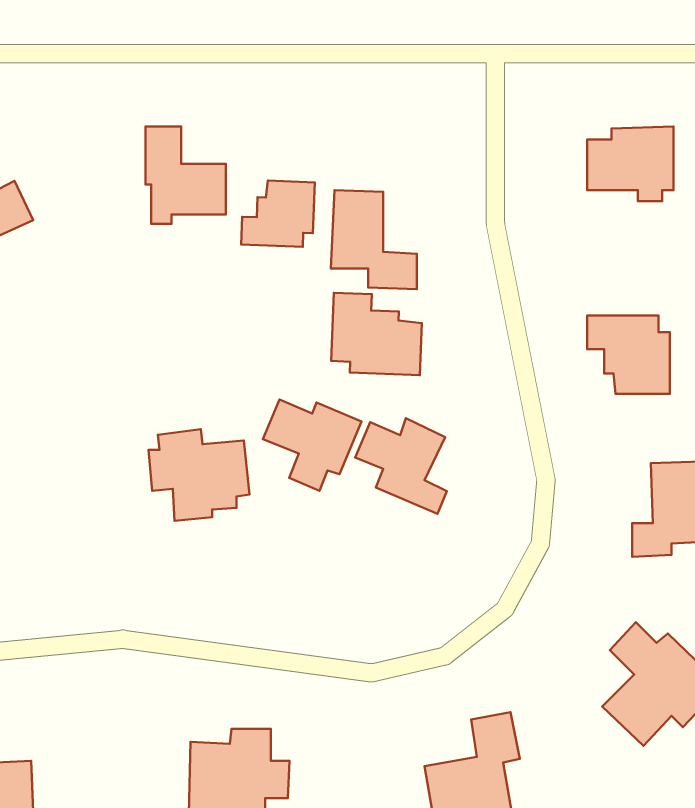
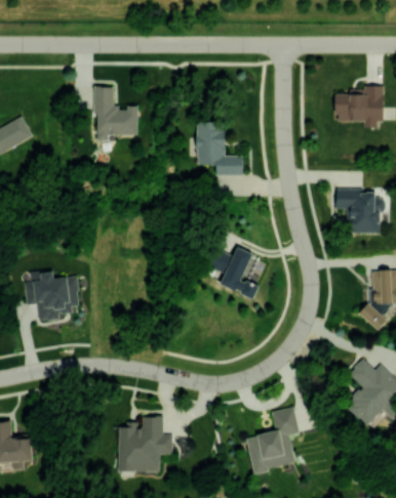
building: [241,181,315,247] -> none
building: [331,293,422,375] -> none
building: [263,399,362,491] -> none
building: [148,429,249,521] -> [24,271,79,321]

